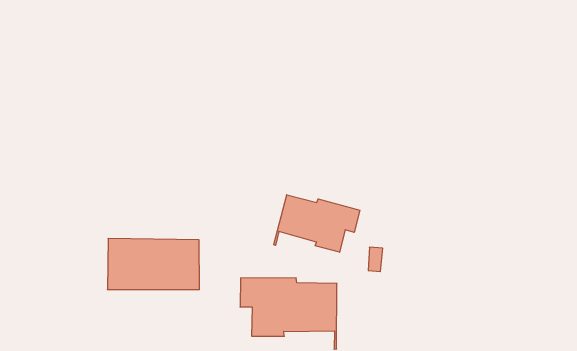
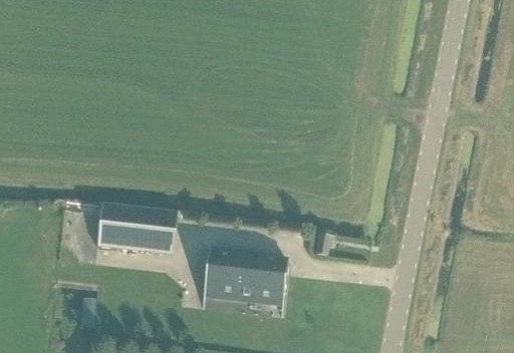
building: [274,195,360,252] -> none

